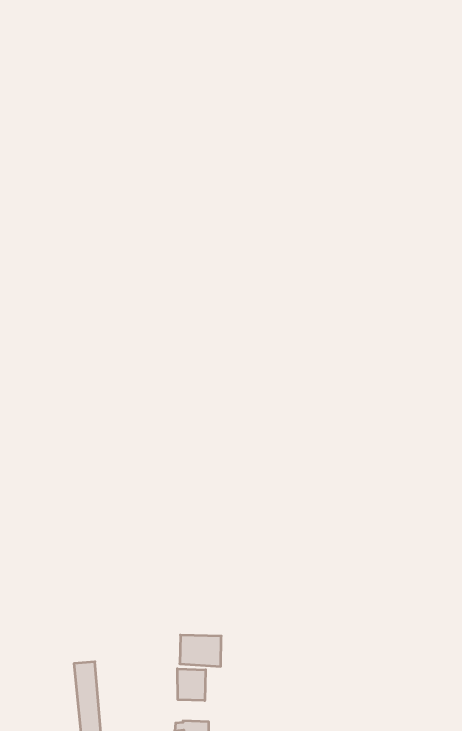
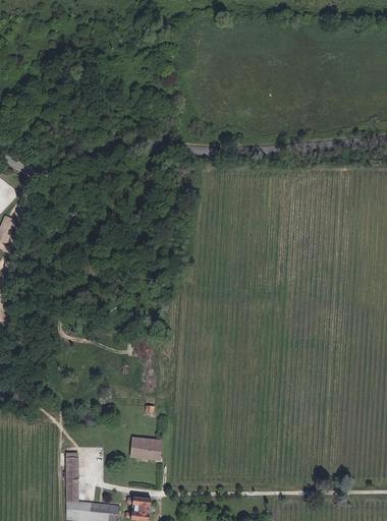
building: [177,669,206,701] -> none

